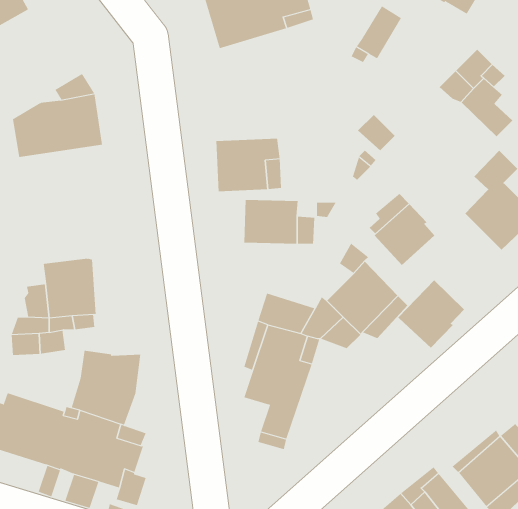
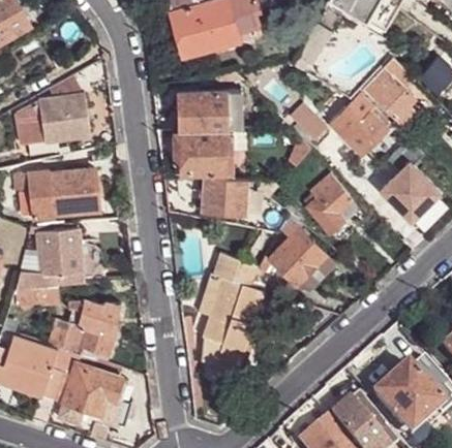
building: none -> [177,91,240,132]
building: none -> [328,93,390,156]
building: none -> [12,169,97,221]
building: [397,280,465,348] -> none

